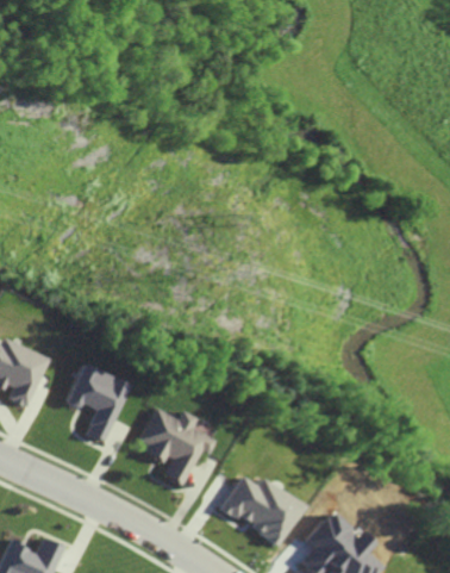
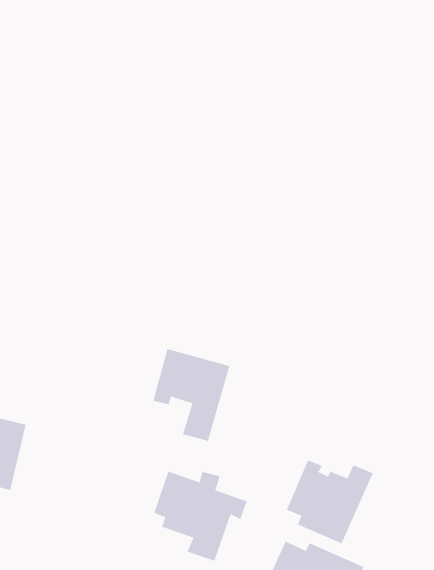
building: [62,363,127,442] -> [153,349,230,441]
building: none -> [286,459,373,544]

